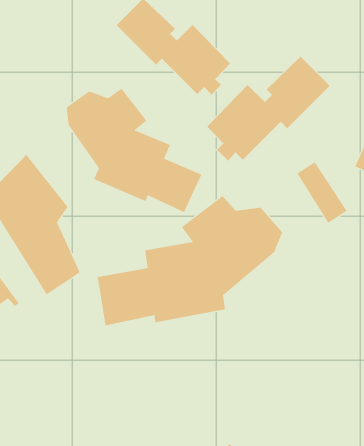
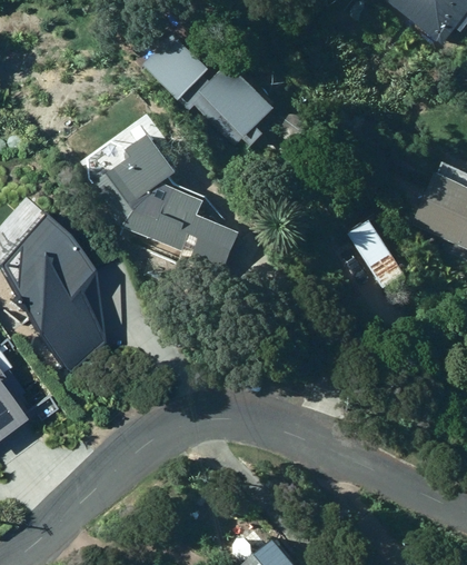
building: [207,56,330,162] -> none
building: [97,195,283,326] -> none

